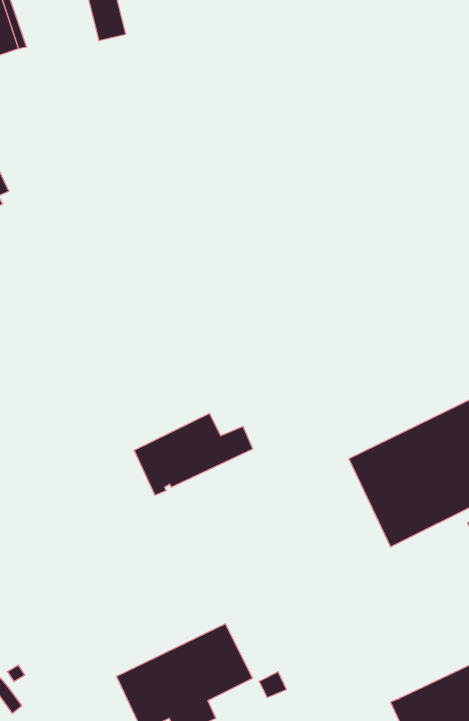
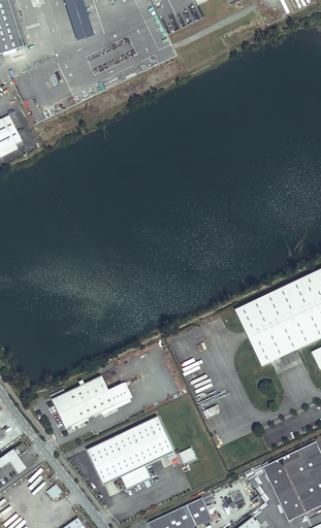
building: [134,414,253,495] -> [53,375,129,428]

